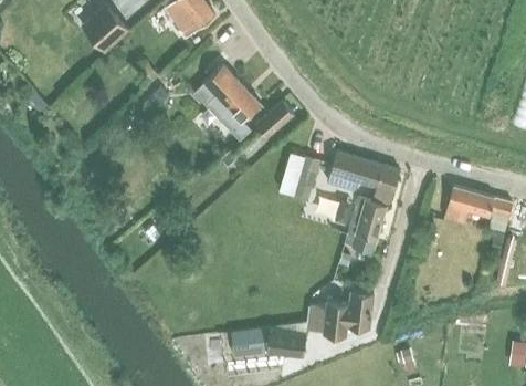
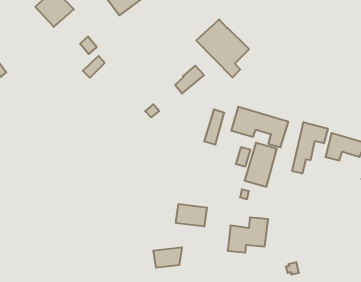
building: [193,66,260,139] -> [196,19,249,77]
building: none -> [292,122,328,174]
building: [266,330,306,357] -> [176,204,207,226]

